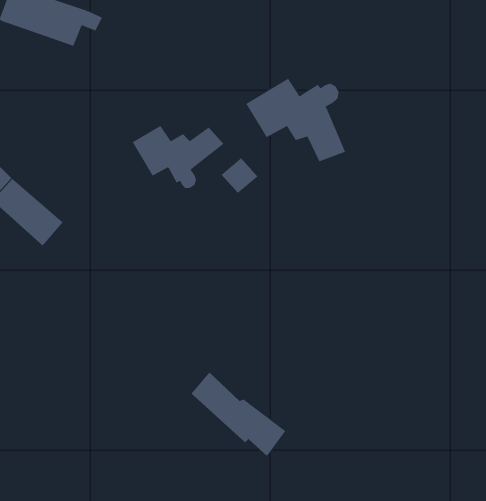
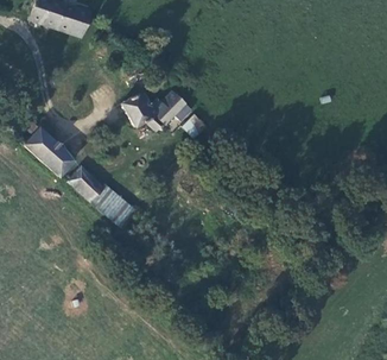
building: [246,78,346,162] -> none
building: [190,371,286,457] -> [69,164,135,223]

